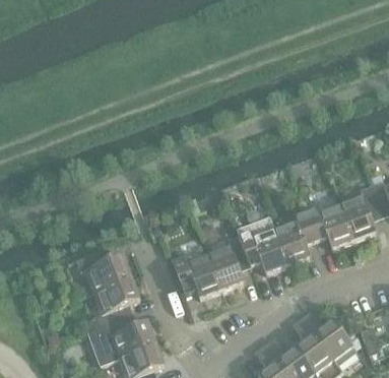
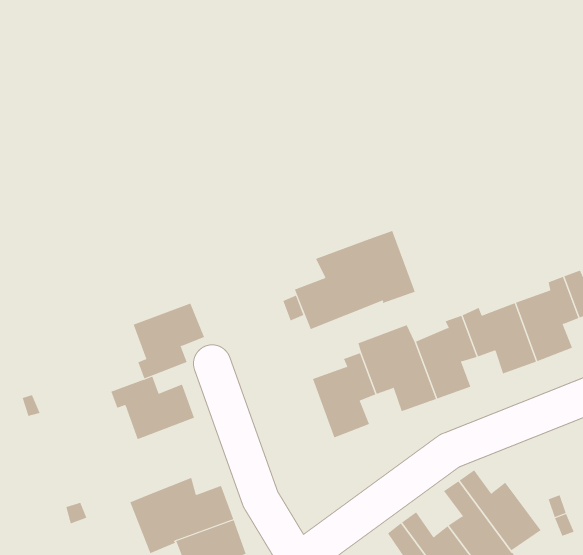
building: none -> [294,230,415,330]
building: [172,251,221,298] -> none
building: [93,276,140,326] -> [133,303,205,379]

